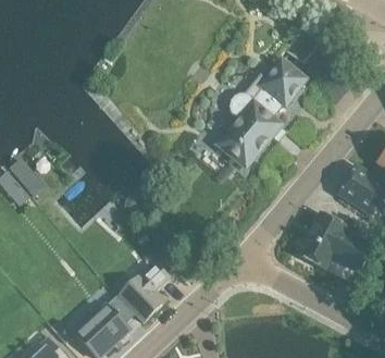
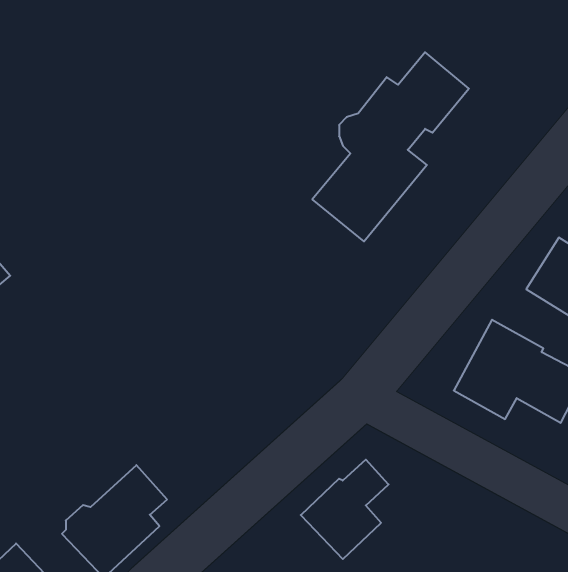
building: [119,264,169,321] -> [301,460,389,559]

